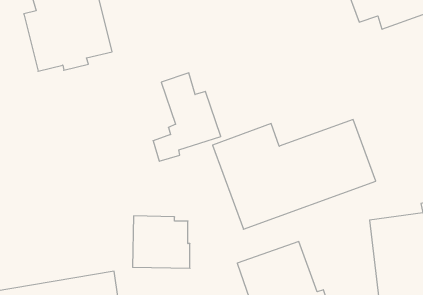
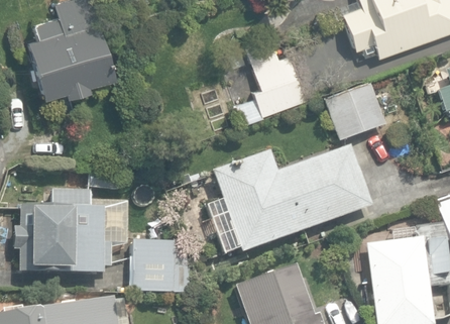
building: none -> [326,85,386,142]
building: [153,73,221,161] -> [238,38,305,125]
building: none -> [14,172,129,275]

